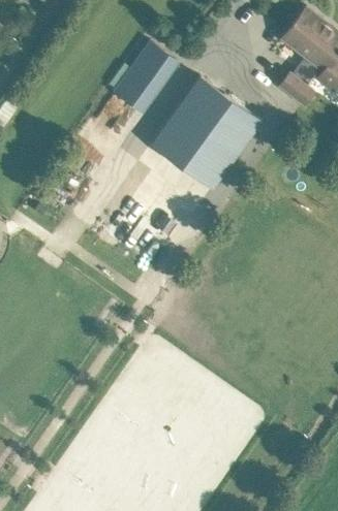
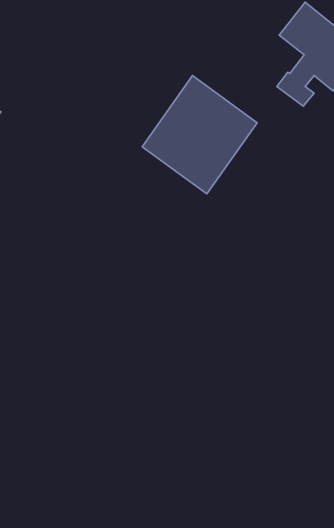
building: [114,41,179,111] -> none

